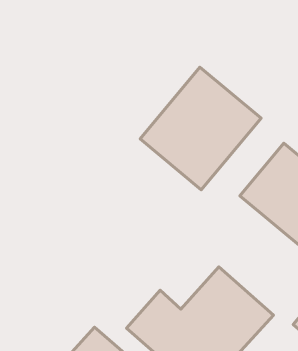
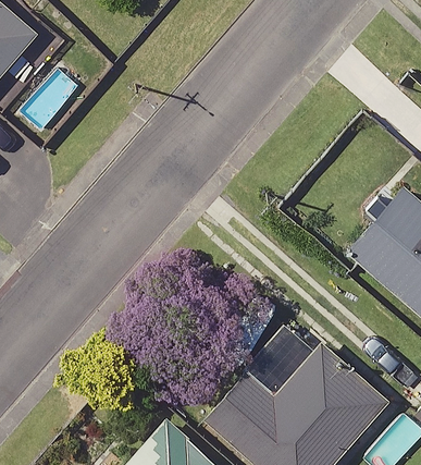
building: [140,67,261,190] -> none

